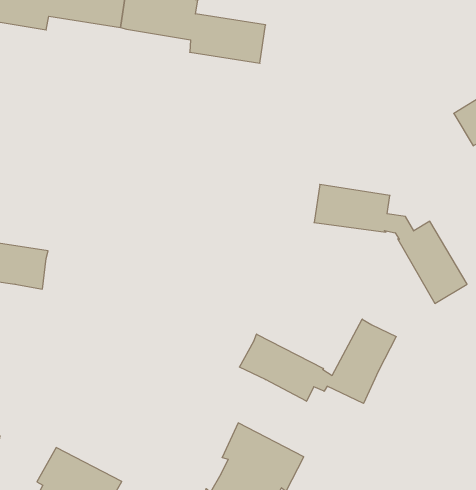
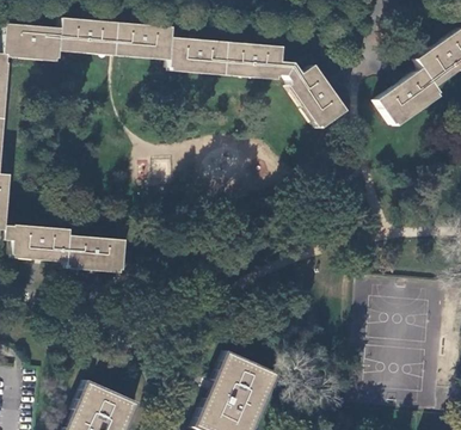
building: [314,184,467,303] -> [223,42,345,128]
building: none -> [66,234,124,269]
building: [239,319,396,403] -> none

